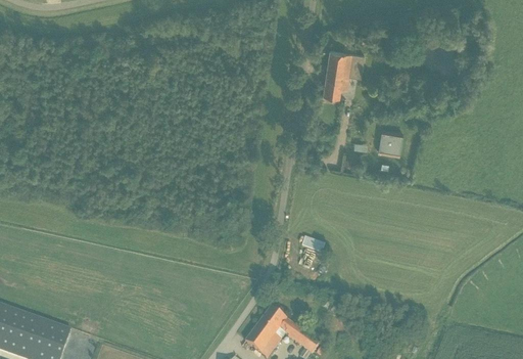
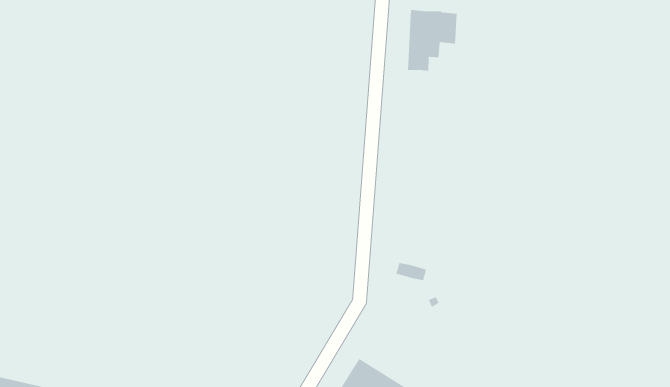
building: [377,131,401,156] -> none

